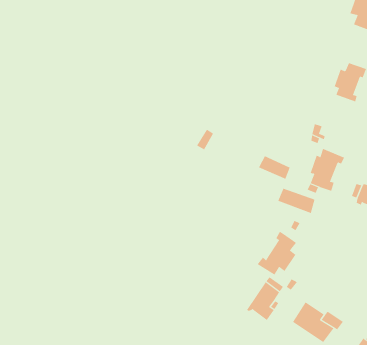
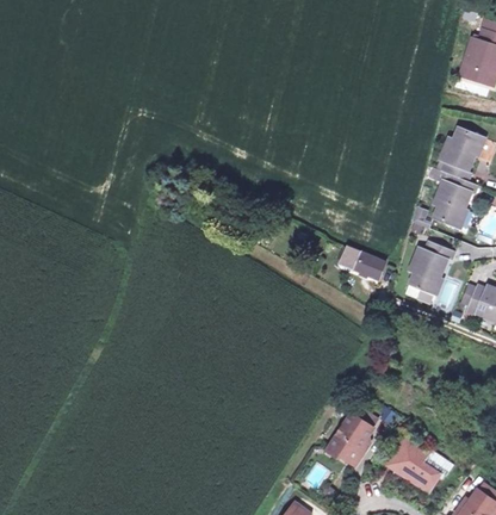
building: none -> [434,169,478,228]
building: [277,188,315,214] -> none
building: [257,231,297,276] -> none

